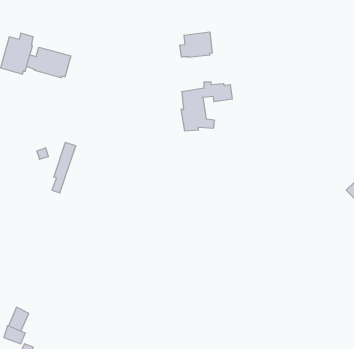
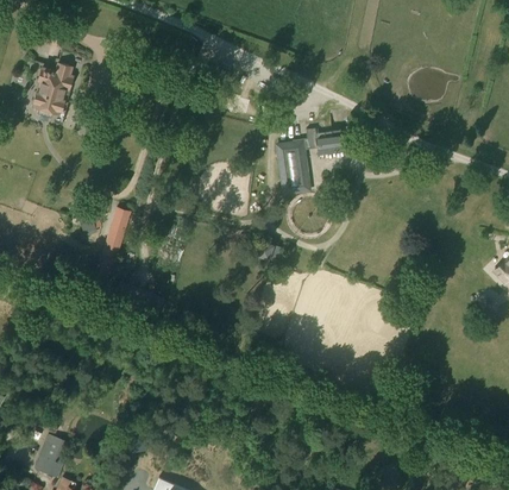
building: [180,32,212,57] -> none
building: [27,47,71,78] -> none

